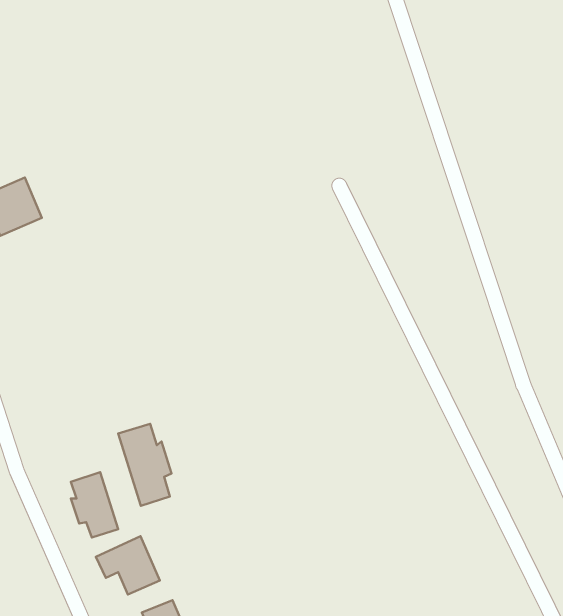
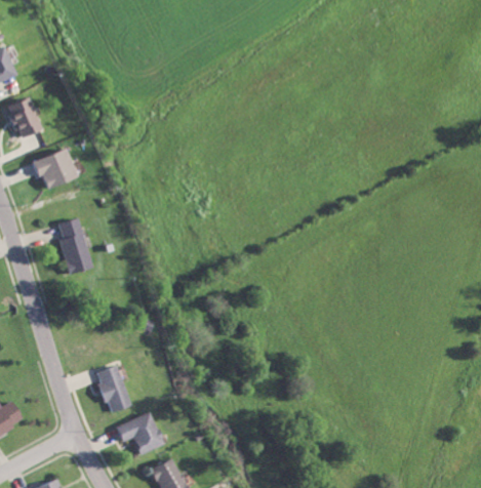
building: none -> [57,218,90,274]
building: [118,424,171,506] -> none

